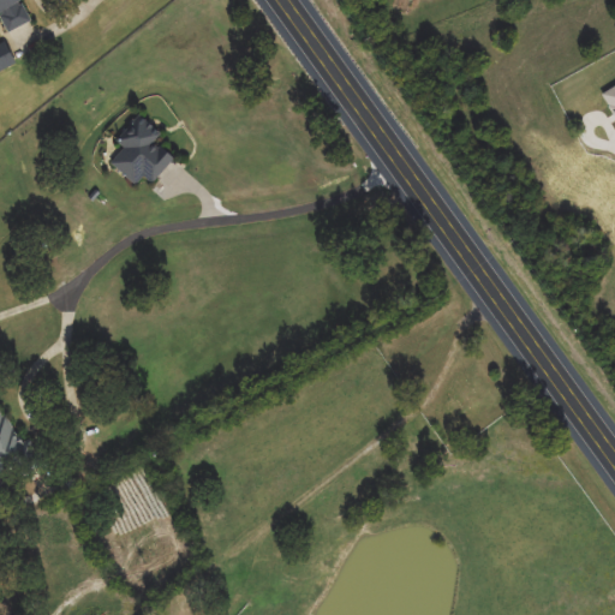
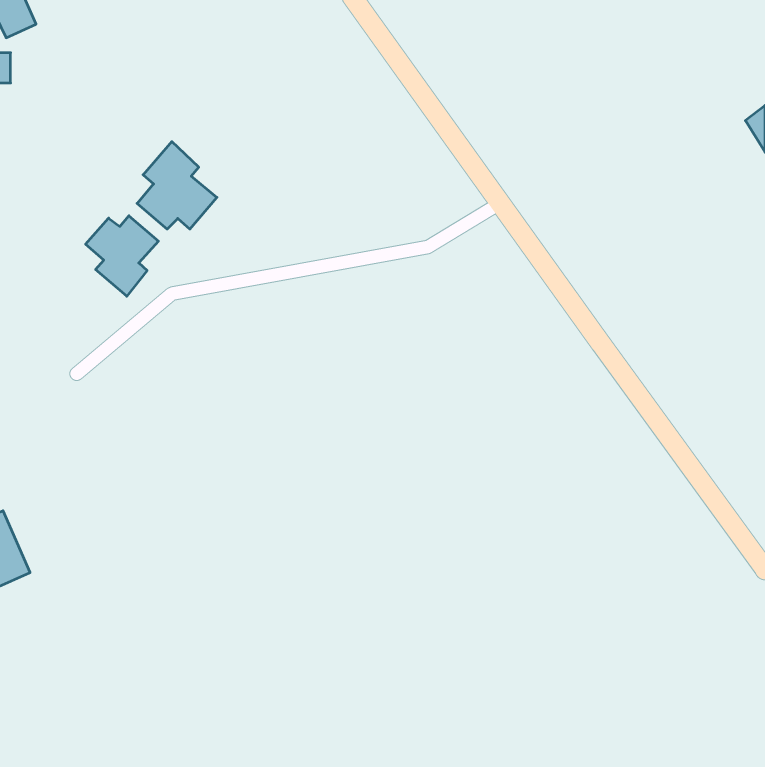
building: none -> [86,216,158,296]

